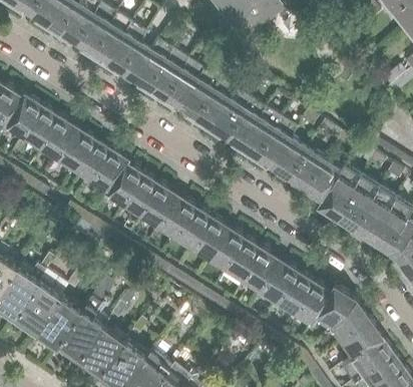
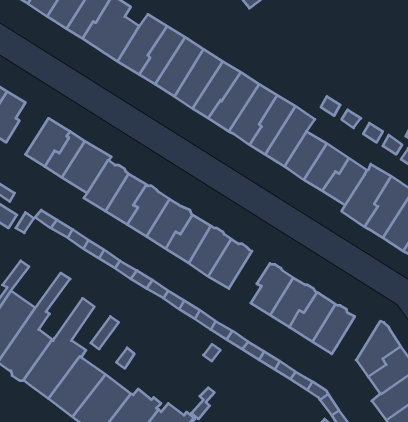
building: [41,115,76,158] -> none
building: [226,239,260,282] -> none
building: [315,286,351,329] -> none

